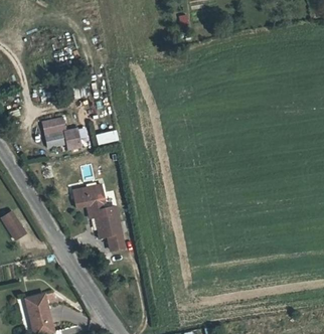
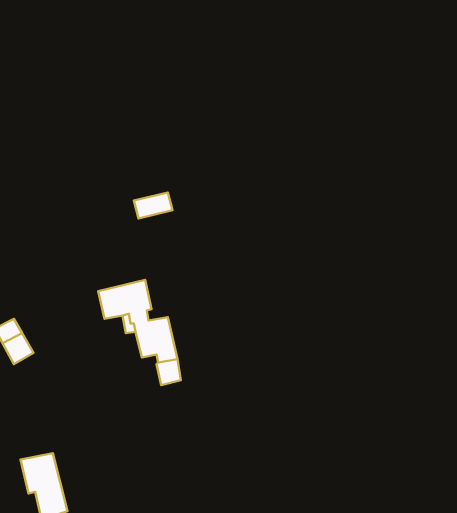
building: [41,116,80,149] -> none

